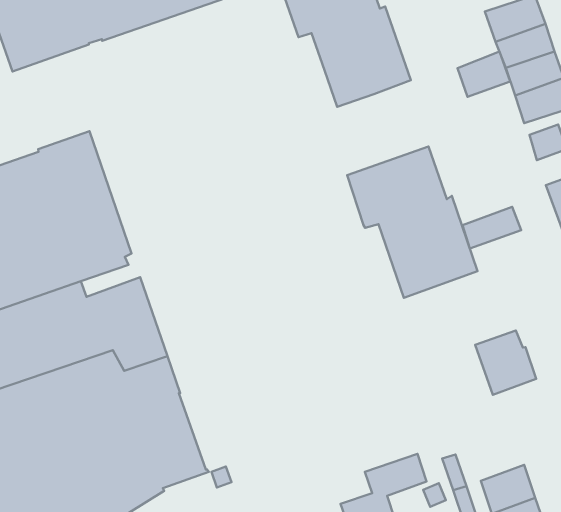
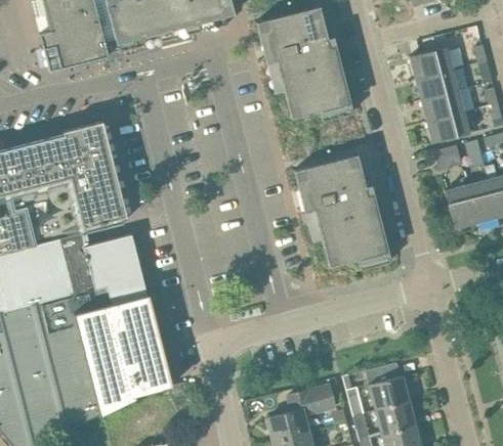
building: [458,52,510,97] -> none
building: [463,207,521,248] -> none
building: [475,331,536,395] -> [366,363,410,410]

